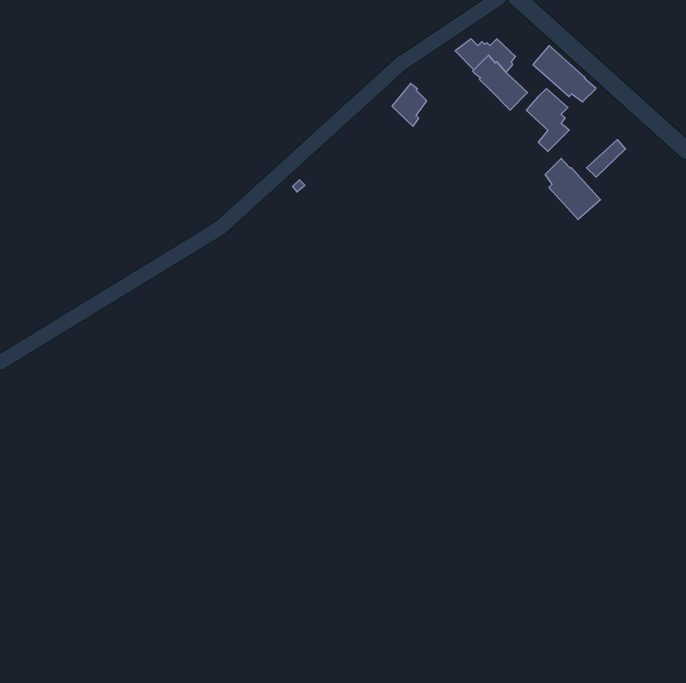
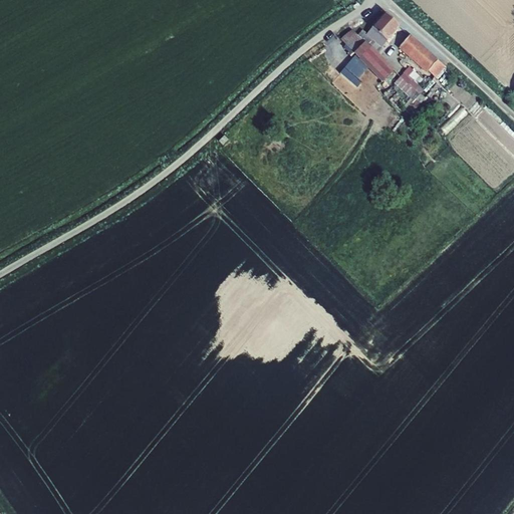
building: none -> [371,13,401,42]
building: [392,83,427,126] -> [340,54,366,86]
building: [545,158,601,220] -> none

